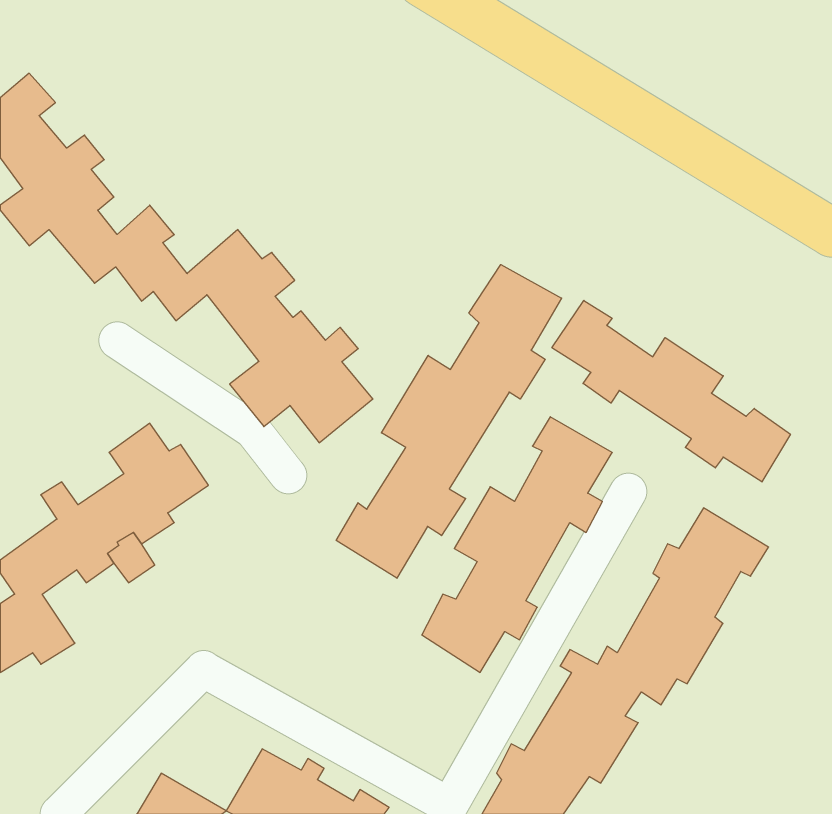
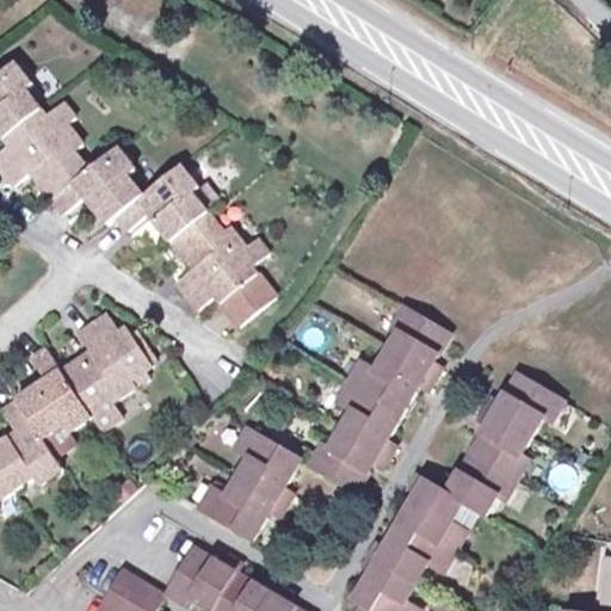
building: [336,265,562,578] -> none
building: [552,300,790,482] -> none
building: none -> [196,427,297,537]

